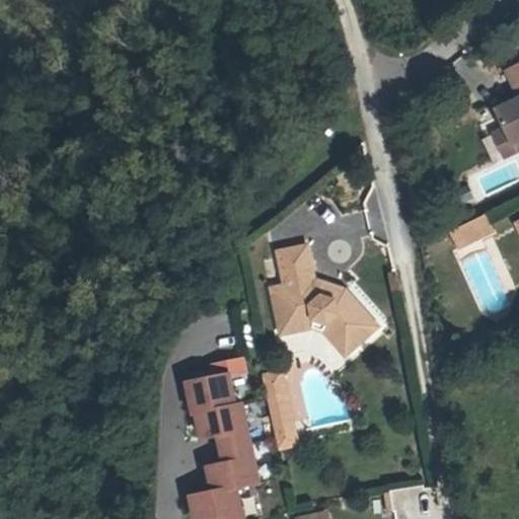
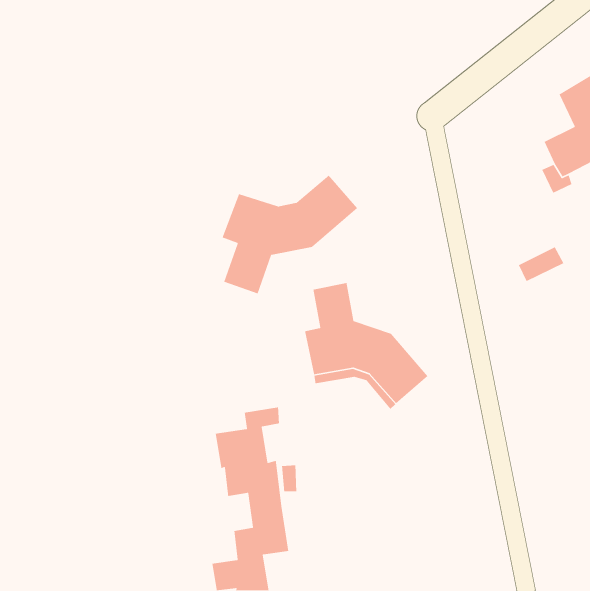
building: none -> [222,175,358,294]
building: [265,371,301,453] -> none

